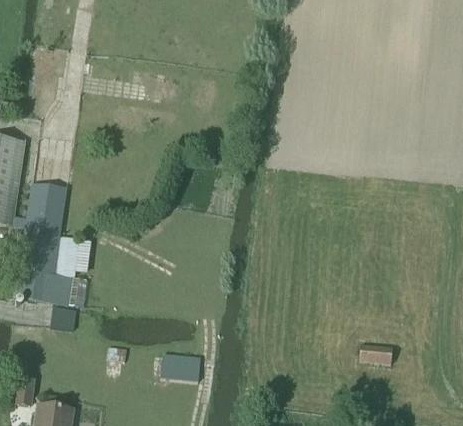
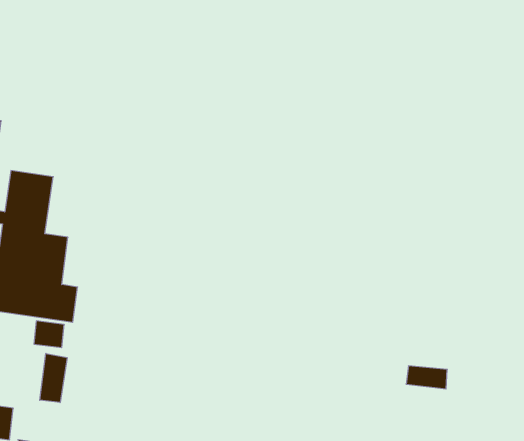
building: none -> [40,353,67,403]
building: [159,353,199,381] -> none

